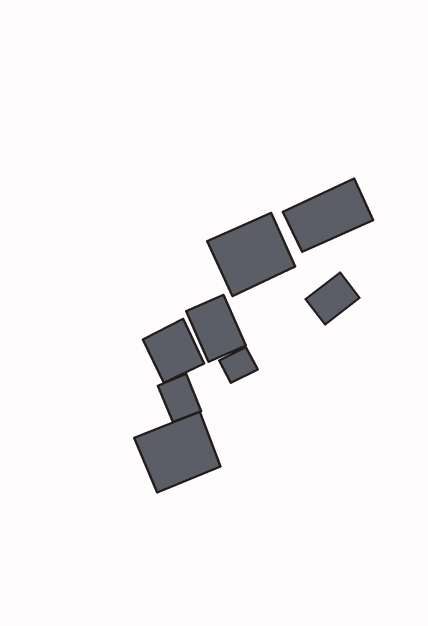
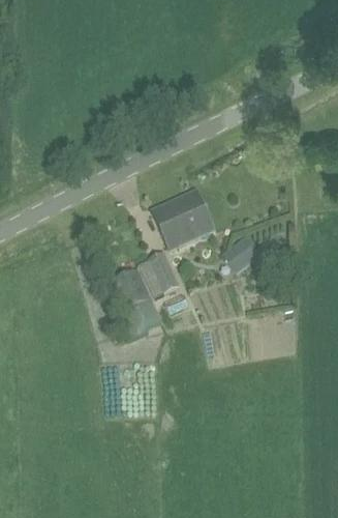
building: [283,178,373,252] -> none
building: [134,412,221,492] -> none

